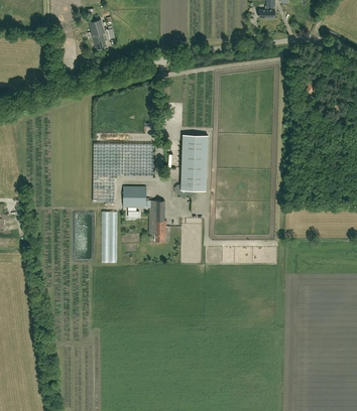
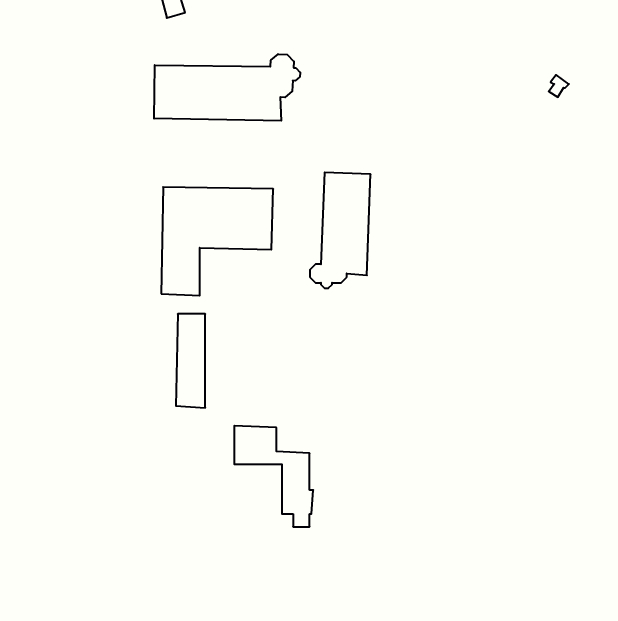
building: none -> [154,54,300,121]
building: [123,185,166,241] -> [234,426,313,527]

